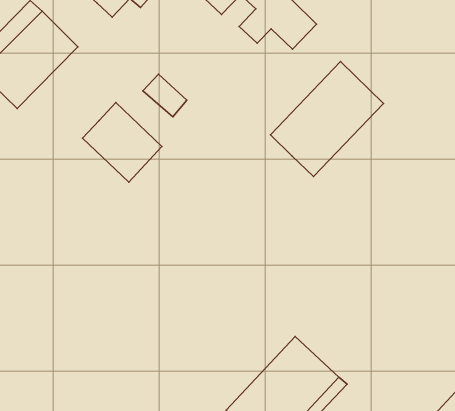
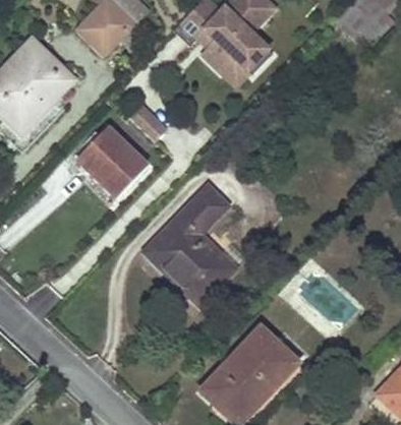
building: [271,61,384,177] -> none
building: none -> [146,186,234,303]

